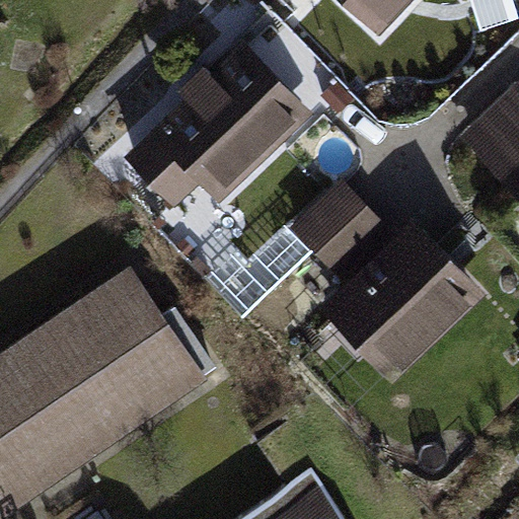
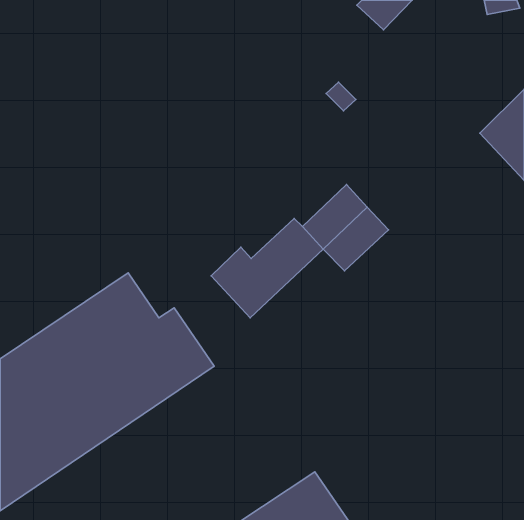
building: [135,54,301,199] -> none
building: [335,232,472,350] -> none

